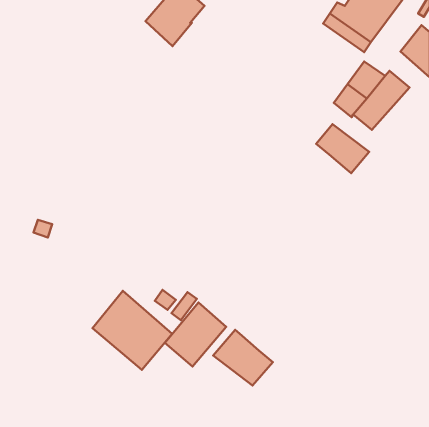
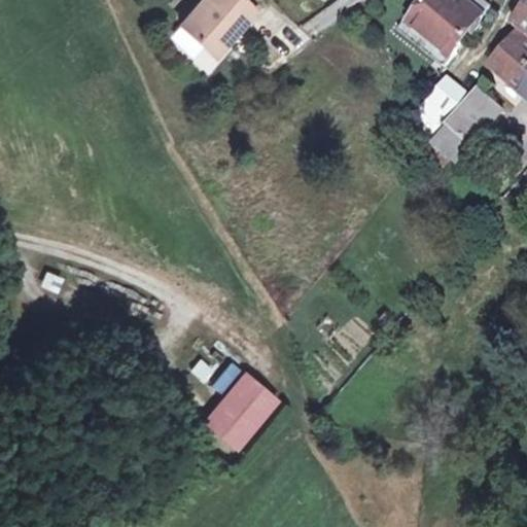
building: [316,124,369,173] -> none
building: [92,291,172,370] -> none
building: [213,330,273,385] -> none

